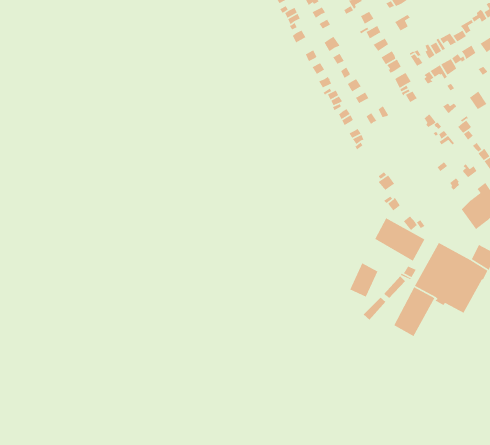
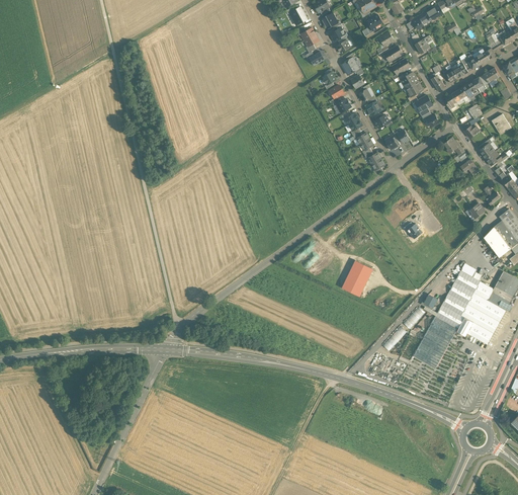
building: [374,217,426,262] -> none
building: [349,262,379,298] -> [342,259,372,296]

